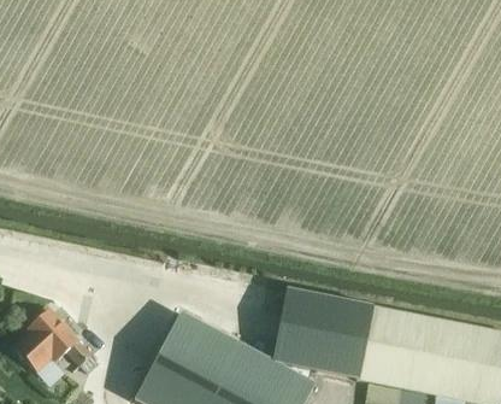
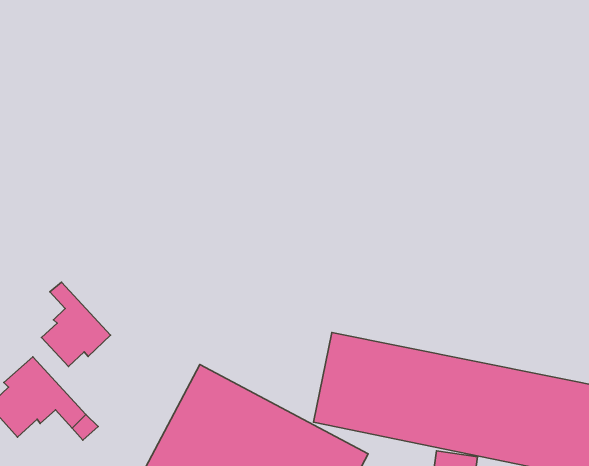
building: none -> [41,282,110,366]

